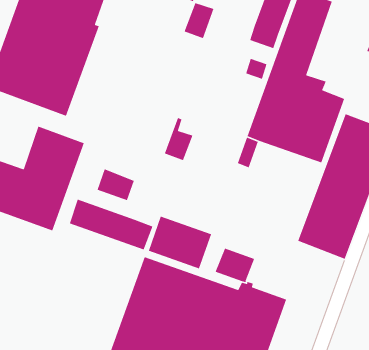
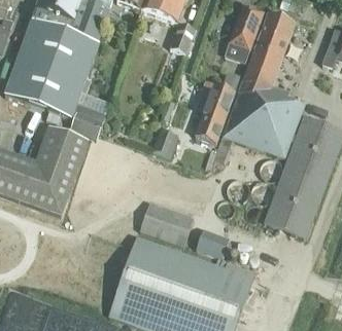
building: none -> [195,80,236,143]
building: [97,168,135,201] -> [72,110,104,138]
building: [69,198,153,251] -> none

